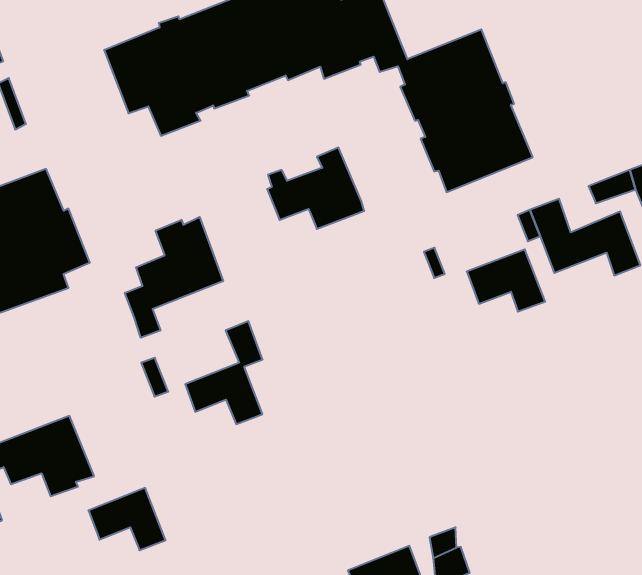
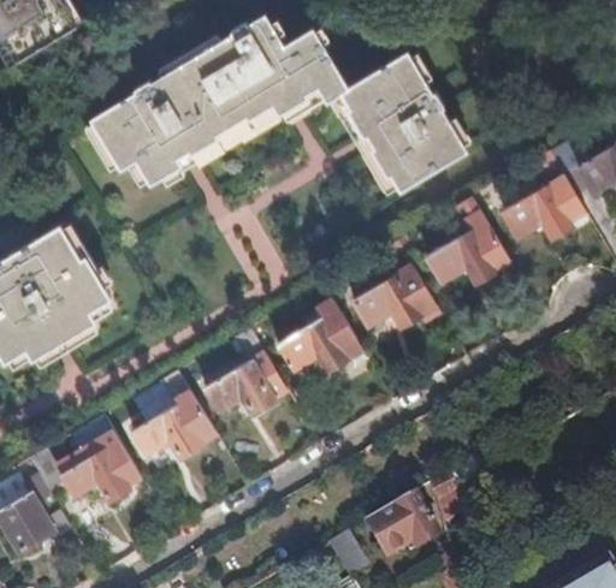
building: [267,148,364,229] -> [277,299,362,370]
building: [125,217,223,338] -> none
building: none -> [354,266,440,327]
building: [88,488,166,550] -> [134,404,202,457]

